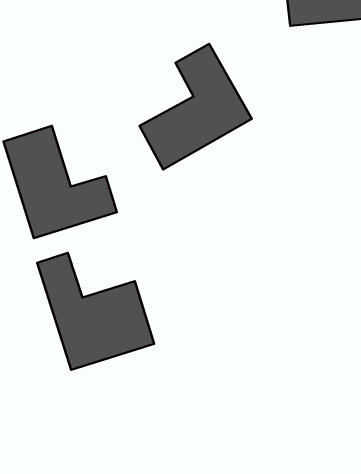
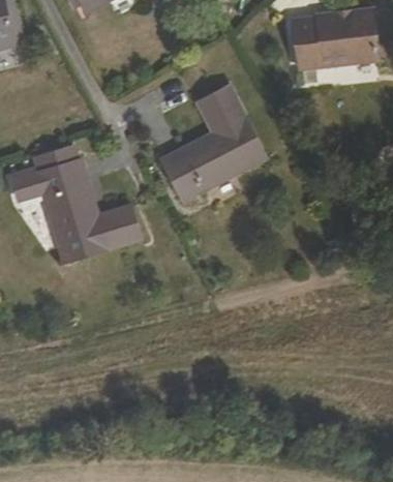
building: [37,253,154,370] -> none

